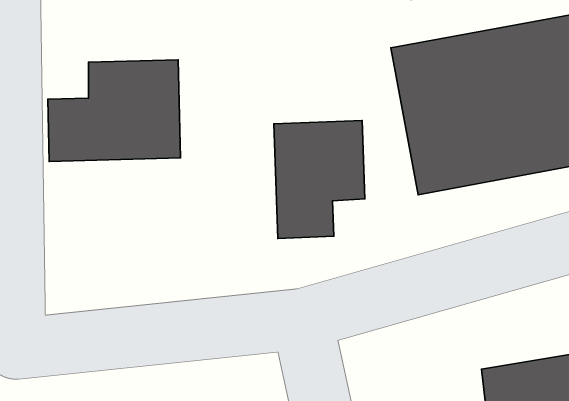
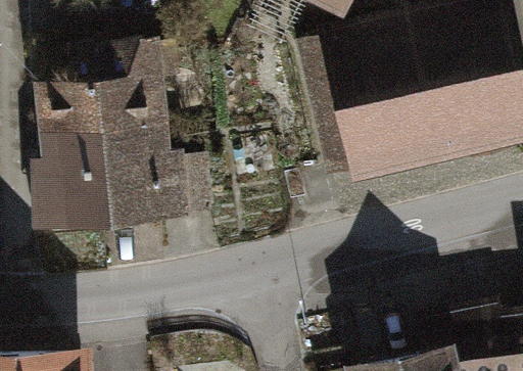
building: [274,120,365,239] -> none
building: none -> [47,141,199,232]

